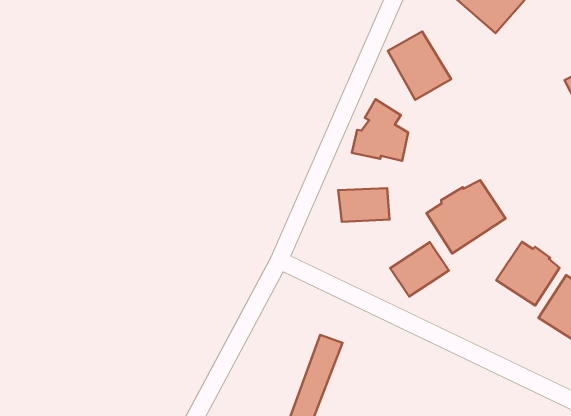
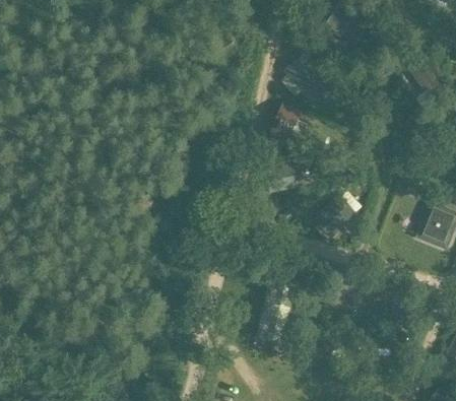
building: [427,180,505,253] -> none
building: [496,242,559,305] -> none

